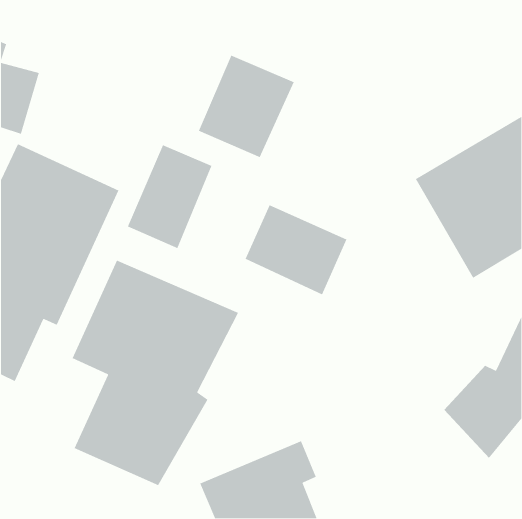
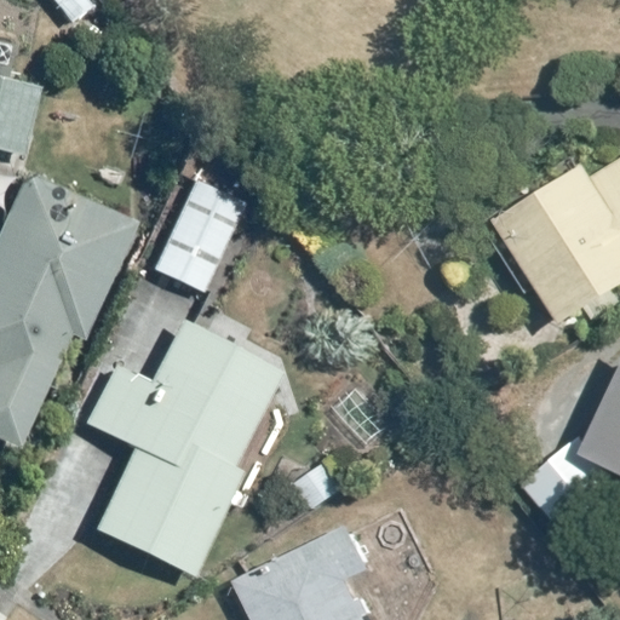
building: [198,55,295,158] -> none
building: [244,204,347,296] -> none

